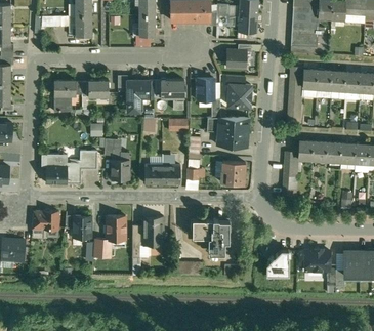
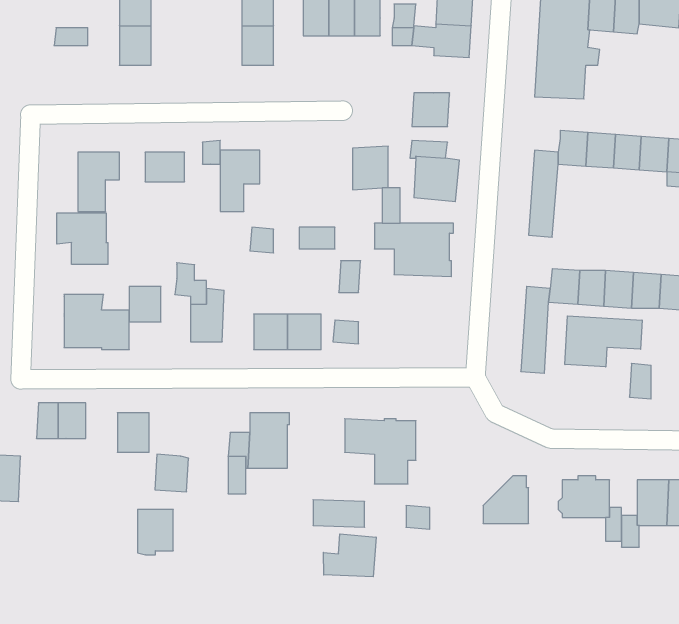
building: [160,80,183,98] -> none
building: none -> [57,213,108,264]
building: [221,161,245,183] -> none
building: none -> [565,316,642,367]
building: [107,216,125,240] -> [138,509,173,555]
building: none -> [323,534,376,577]

